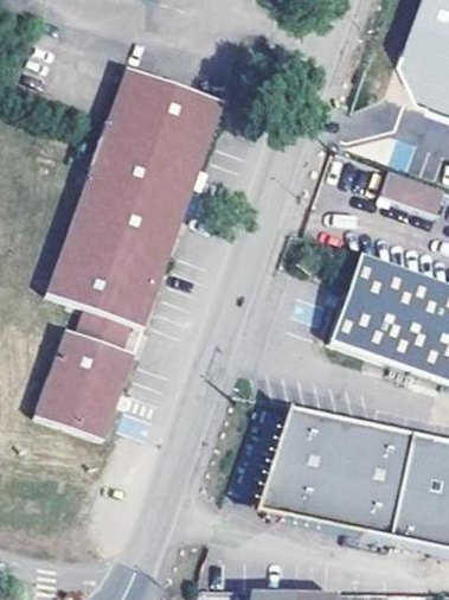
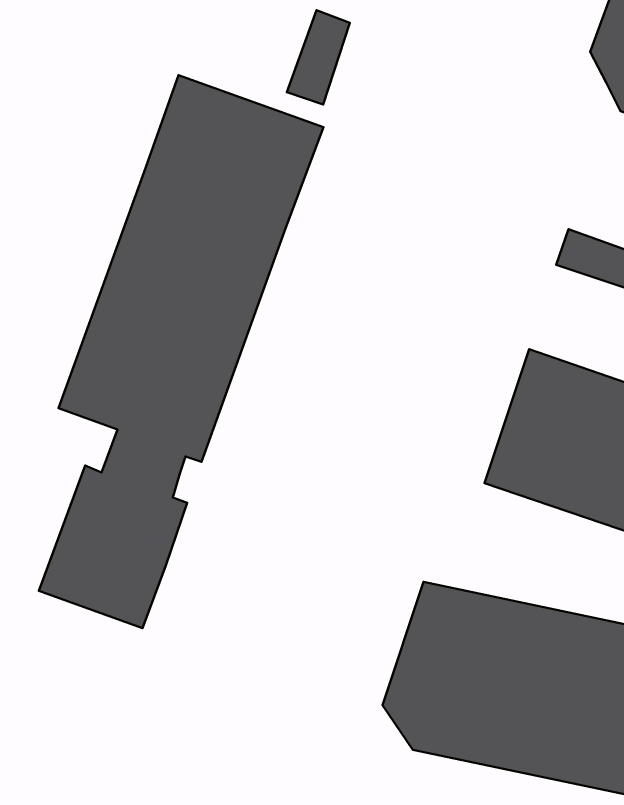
building: none -> [287,10,350,105]

